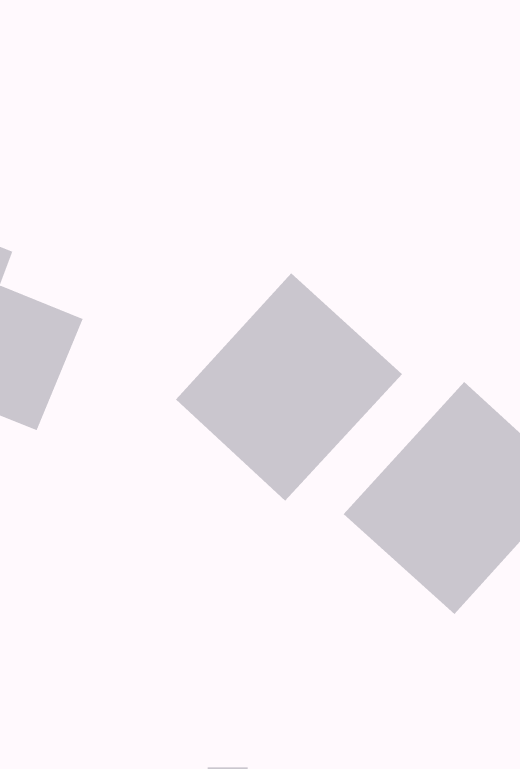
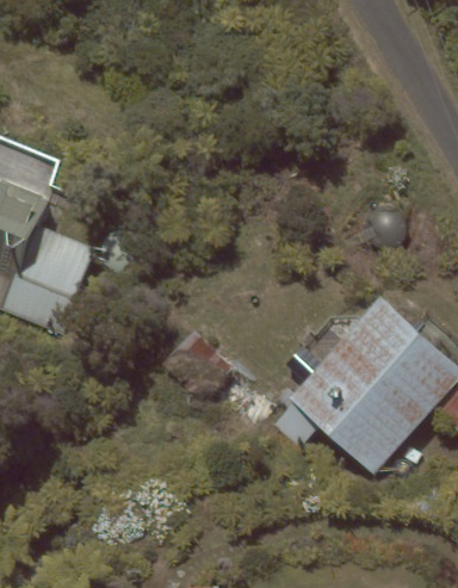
building: [175,272,403,502] -> none

